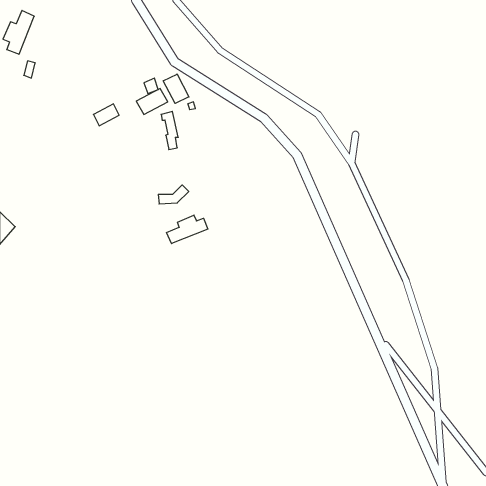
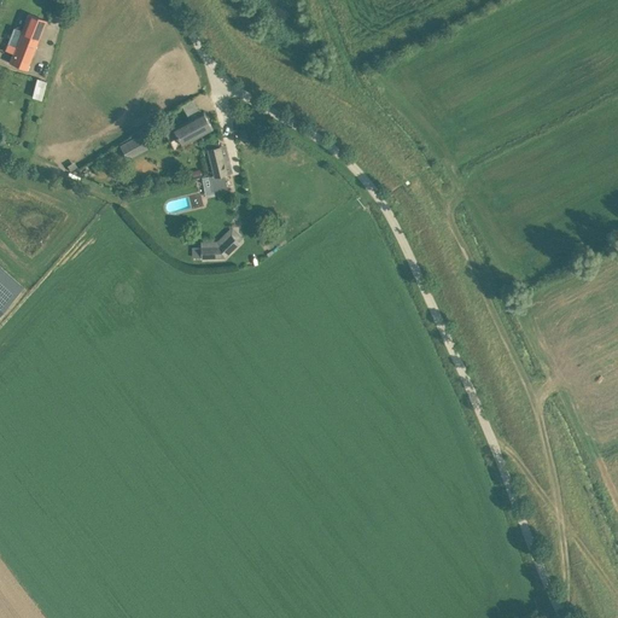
building: [163,74,189,103] -> none
building: [167,215,208,244] -> none

